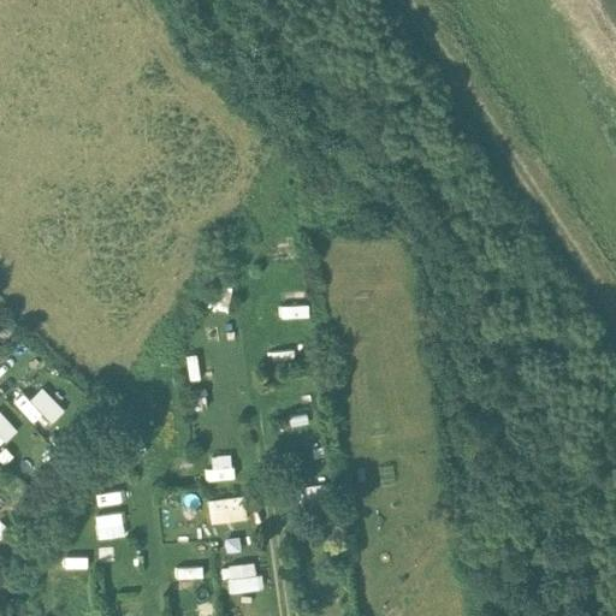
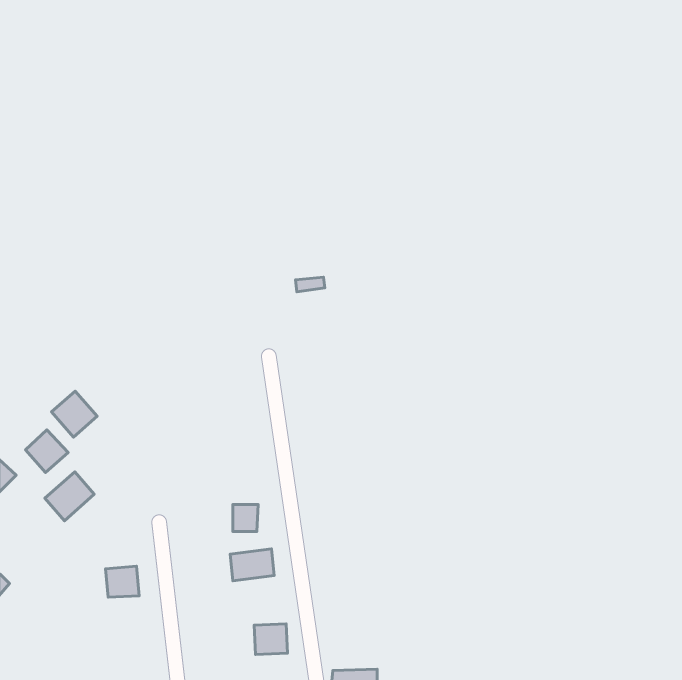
building: none -> [51,391,97,437]
building: none -> [45,472,94,521]

